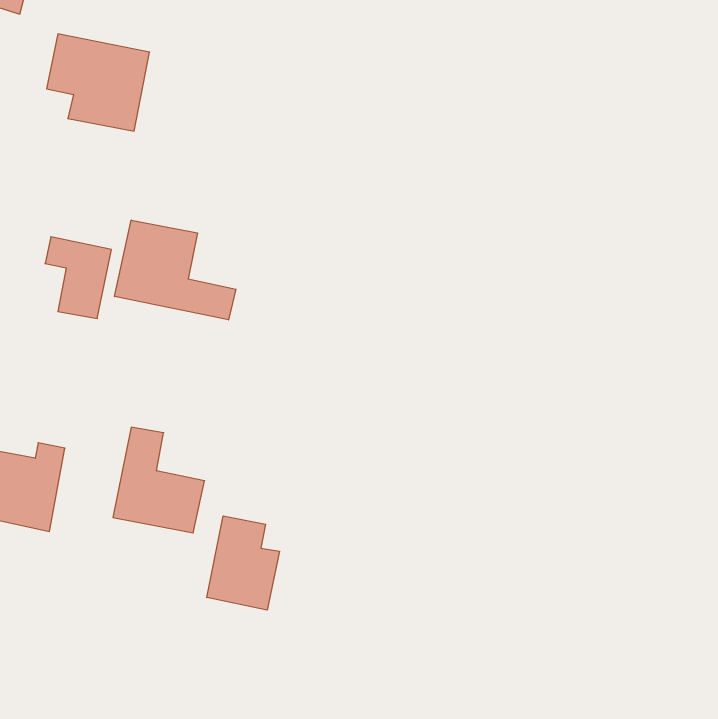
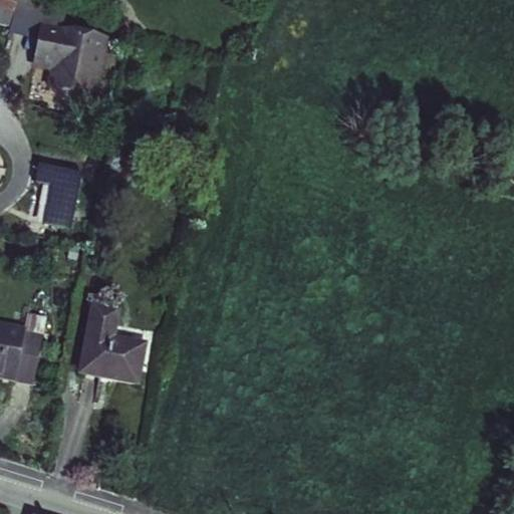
building: [115,220,236,320] -> none
building: [207,516,279,610] -> none

